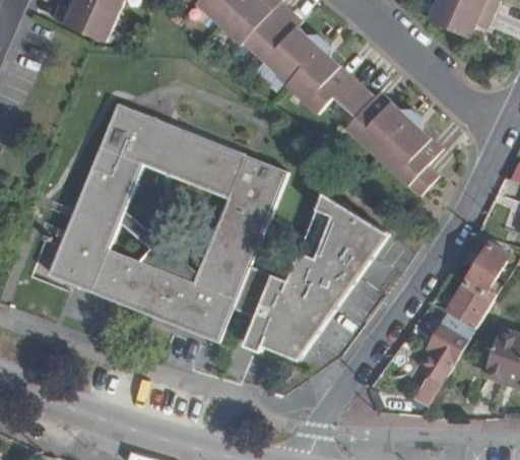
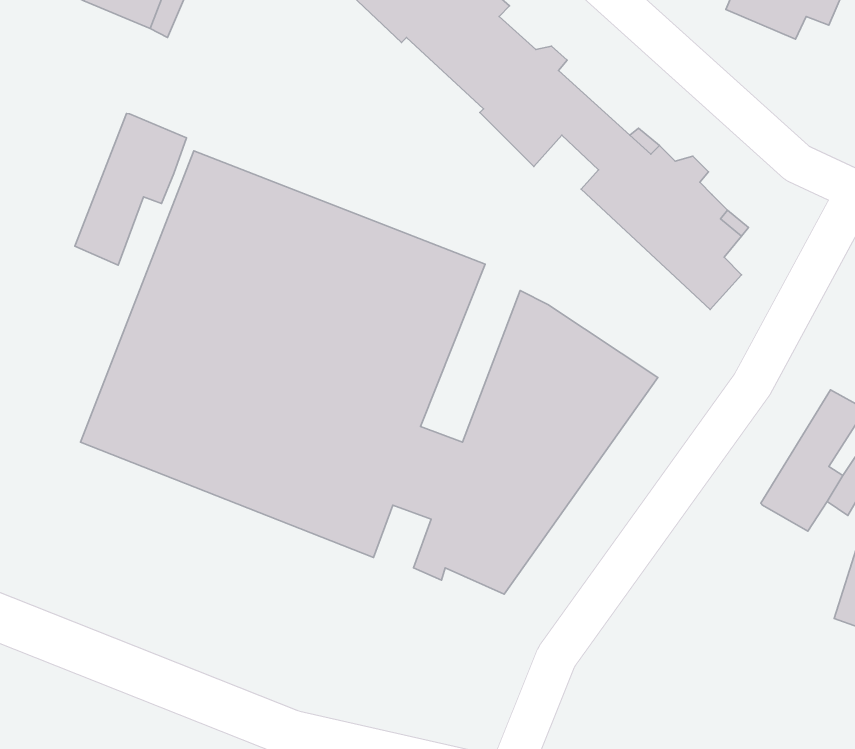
building: none -> [75,113,187,265]
building: [412,311,474,407] -> none

